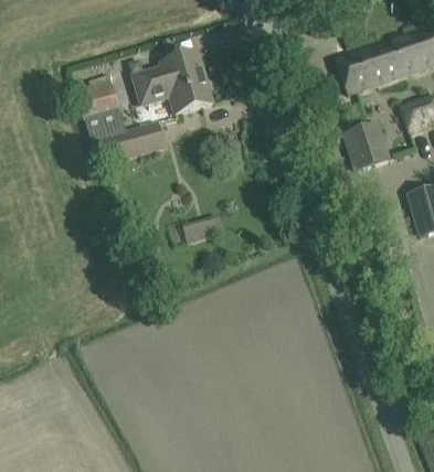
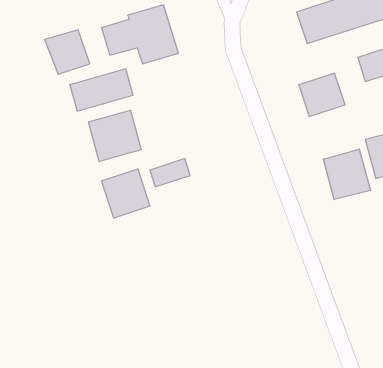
building: none -> [88,110,141,162]
building: none -> [323,149,370,200]
building: none -> [102,169,150,218]

